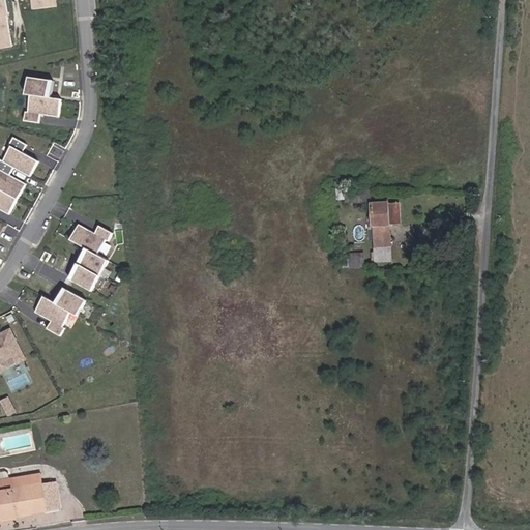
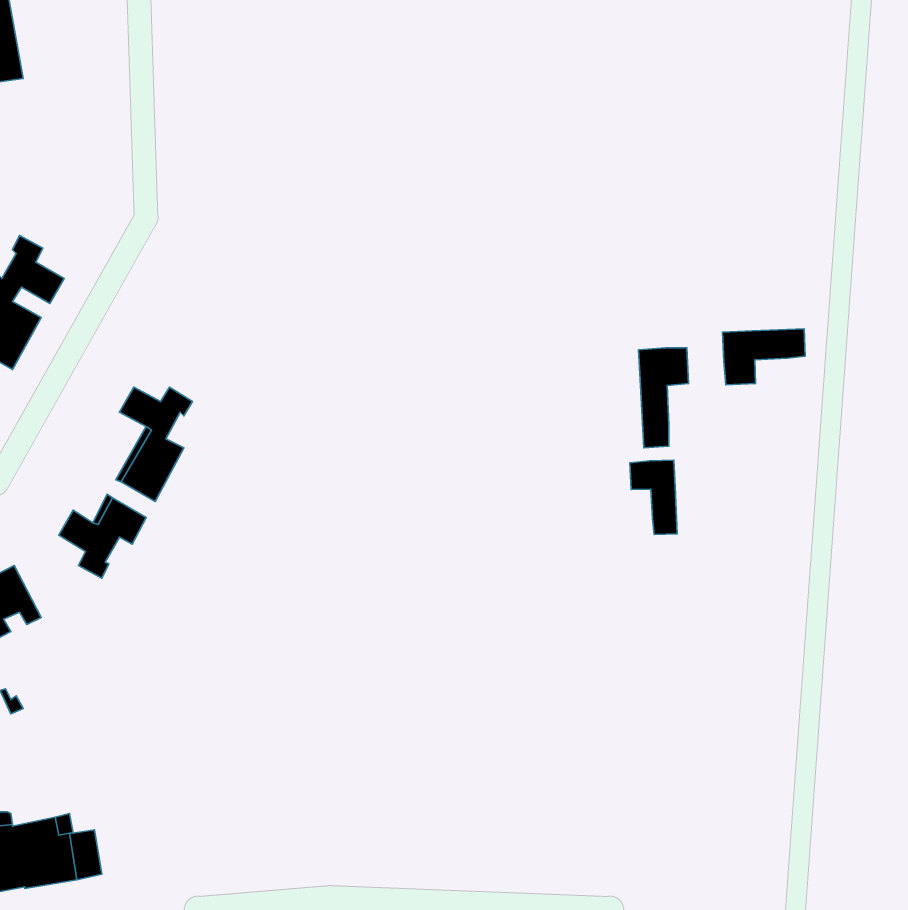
building: [23,78,60,123] -> none
building: none -> [723,329,805,385]
building: none -> [630,460,677,534]

